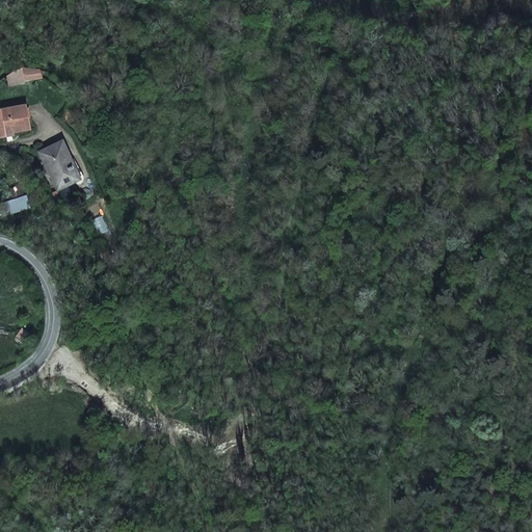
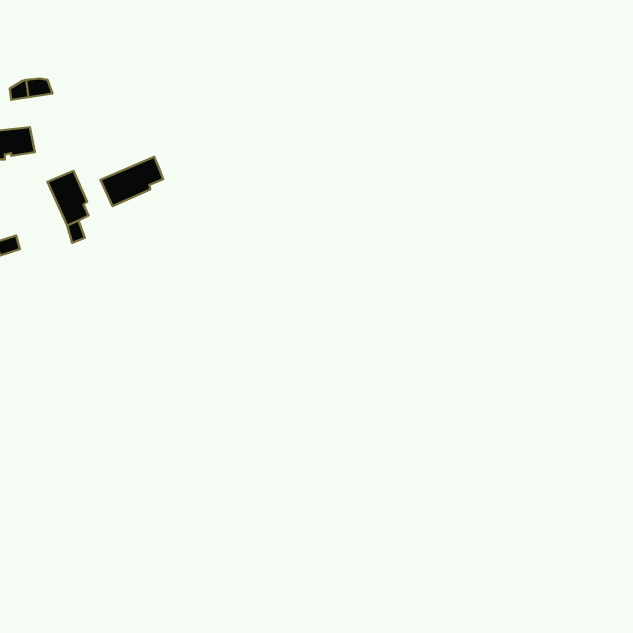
building: none -> [101,157,163,206]

